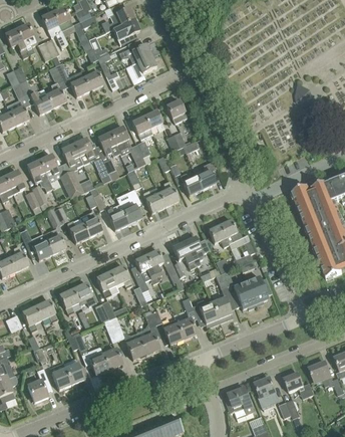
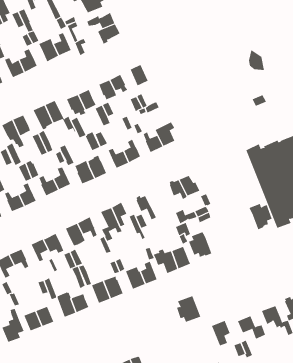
building: [184,234,210,265] -> none
building: [246,275,272,304] -> [249,203,273,230]
building: [227,387,254,416] -> [176,296,201,322]

